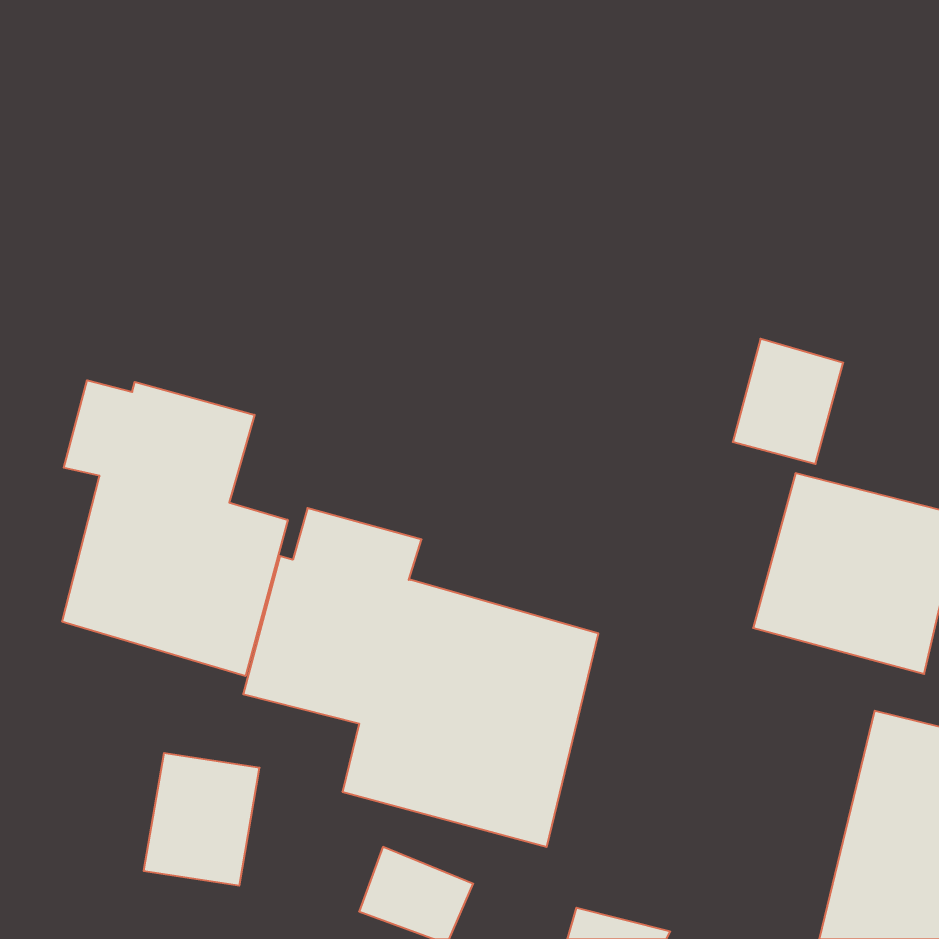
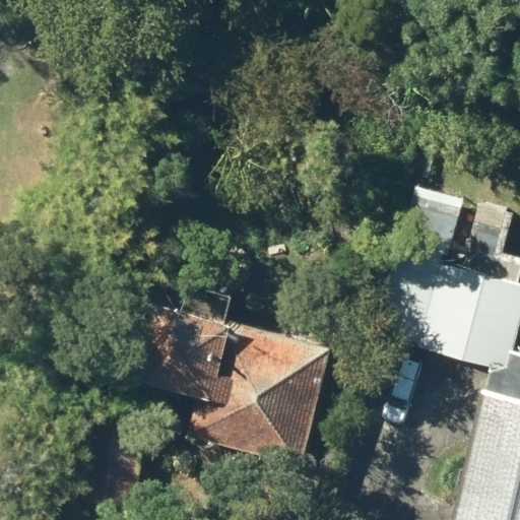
building: [62,380,288,676] -> none

